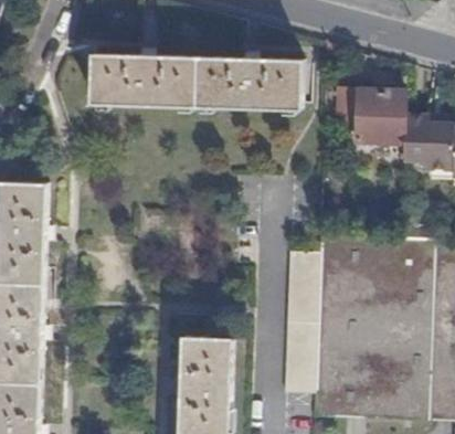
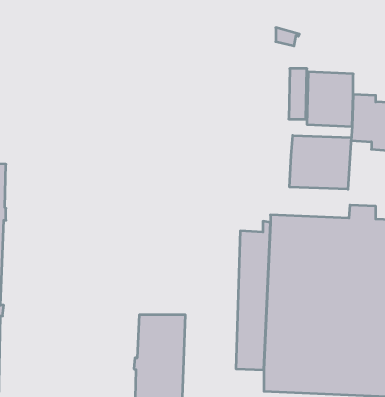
building: [91,52,301,109] -> none
building: none -> [290,135,351,189]

